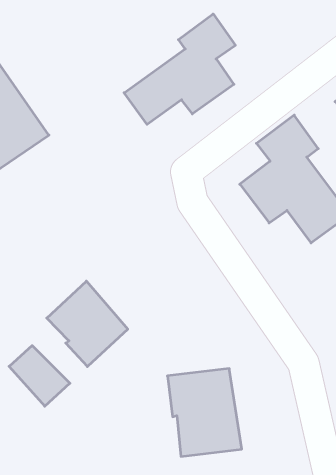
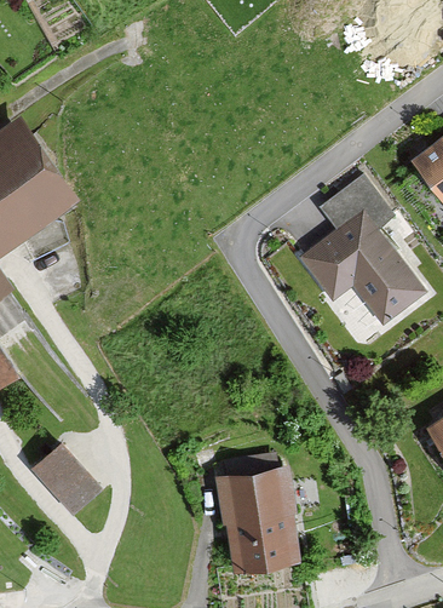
building: [124,14,235,124] -> none
building: [47,281,128,367] -> none

